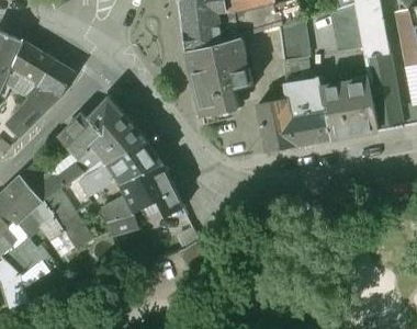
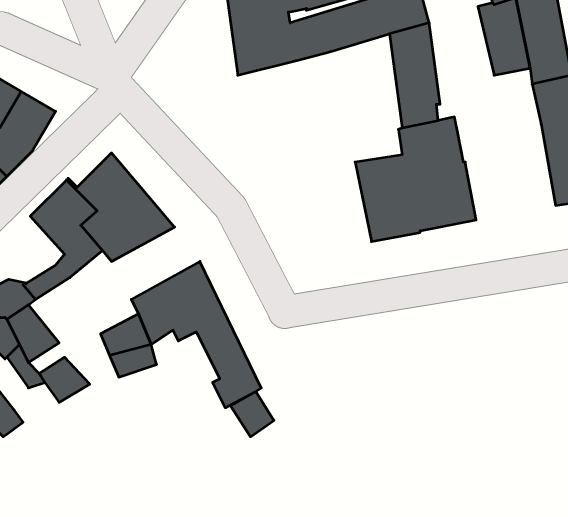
building: [185,36,252,115] -> none
building: [319,80,379,138] -> none
building: [79,143,162,194] -> none

